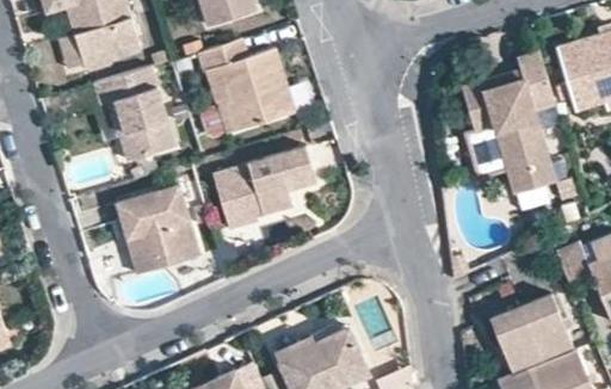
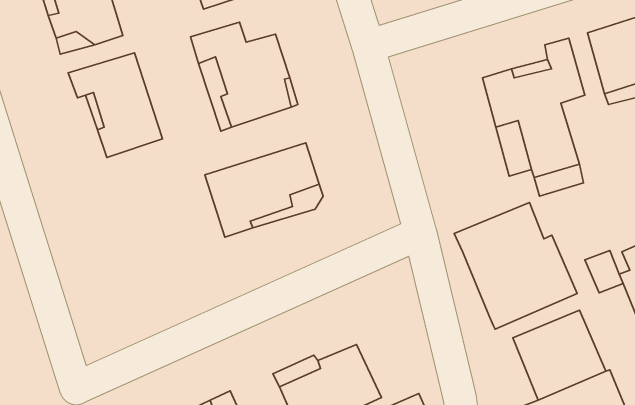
building: [117,185,200,272] -> none
building: none -> [454,203,577,329]

